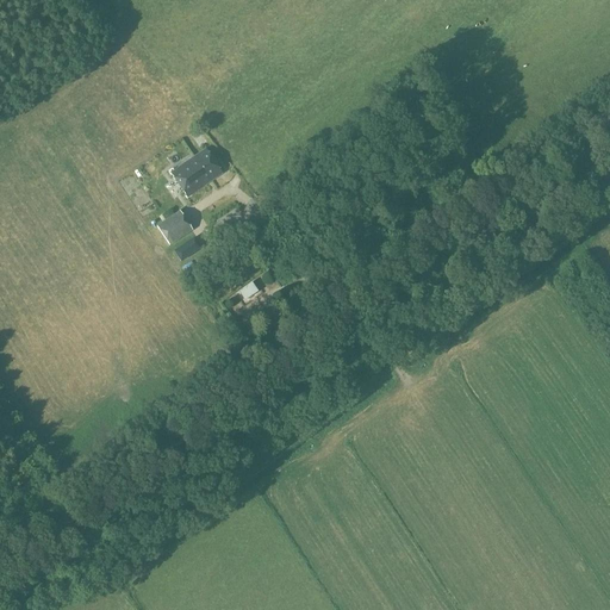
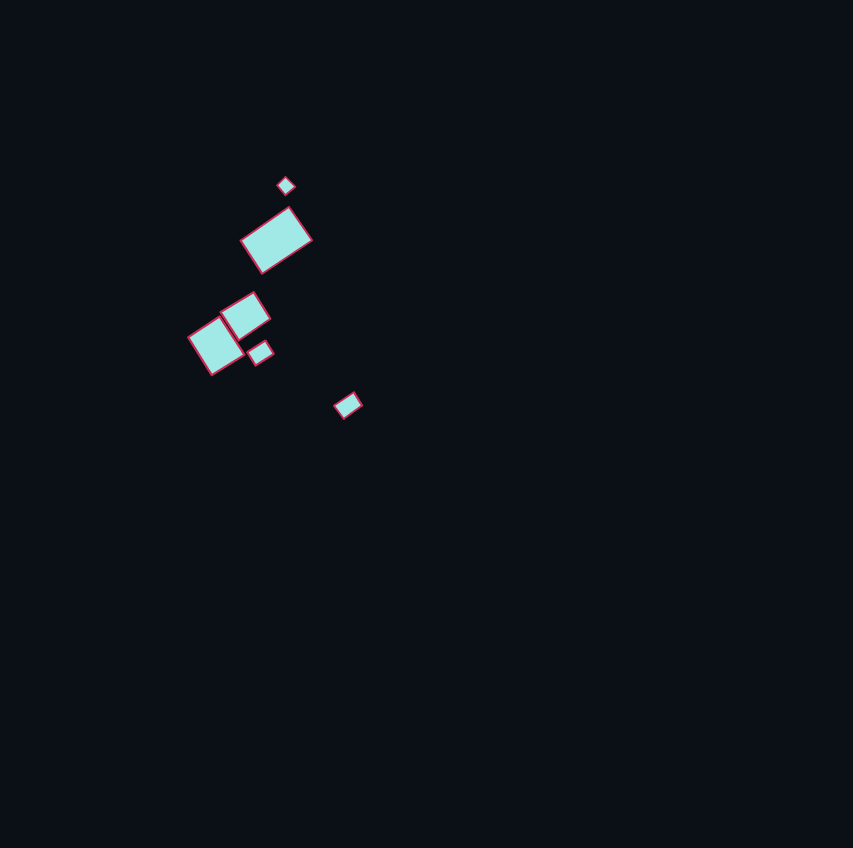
building: none -> [188,316,244,375]

